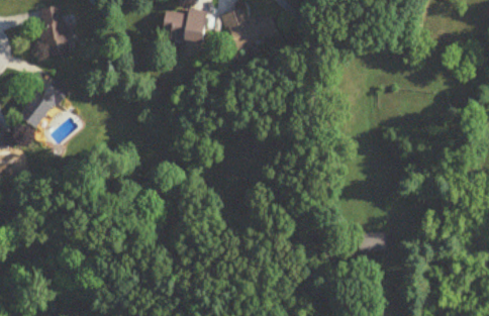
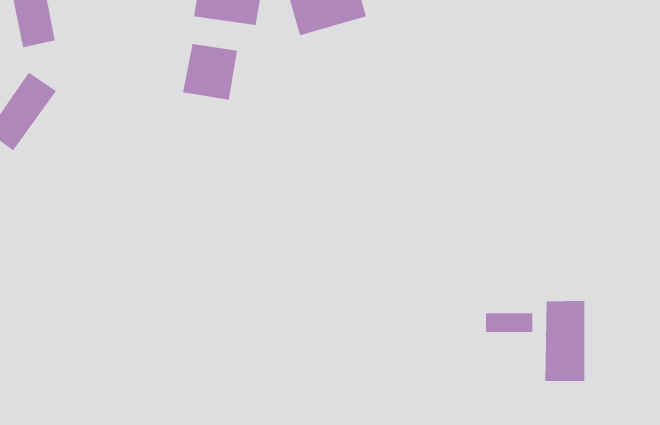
building: none -> [182,43,238,101]
building: none -> [545,300,585,382]

